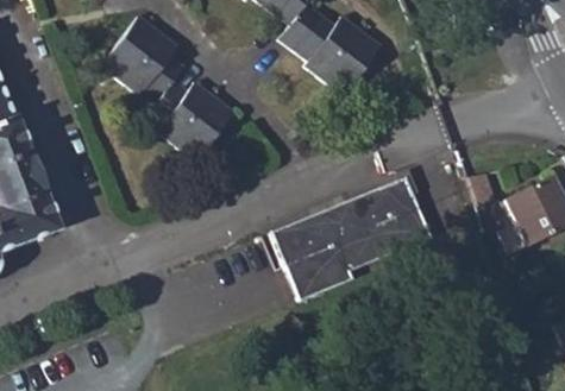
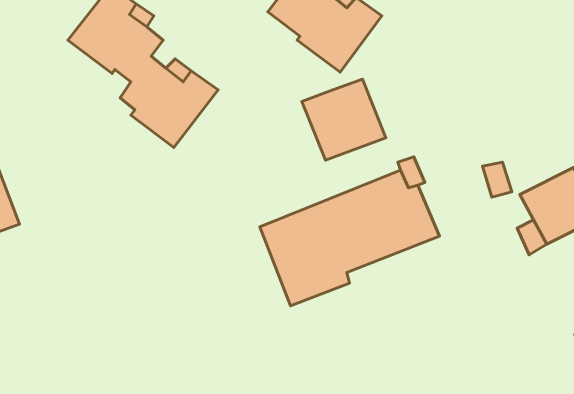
building: none -> [302,79,386,160]

